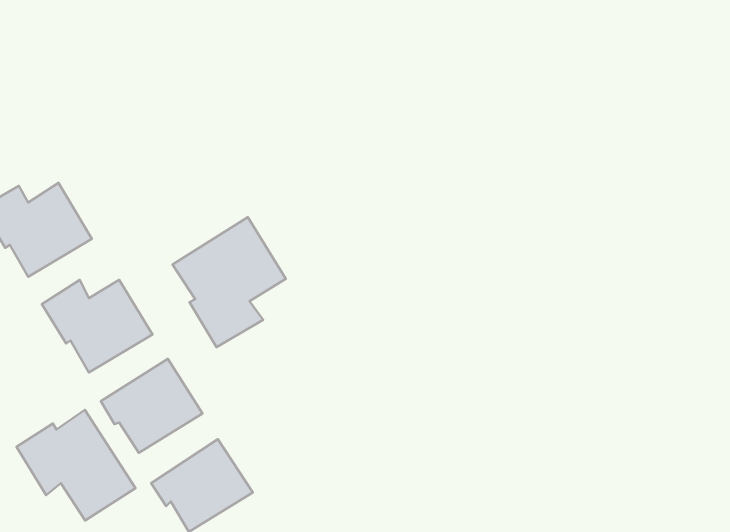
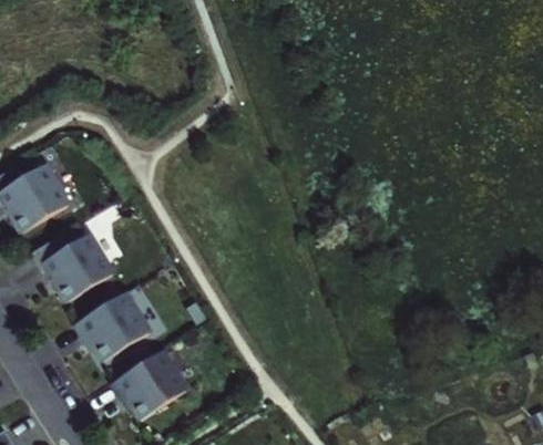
building: [172,217,286,347] -> none
building: [16,410,135,520] -> none

